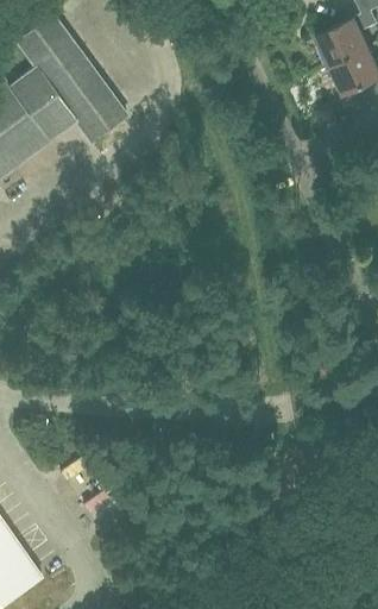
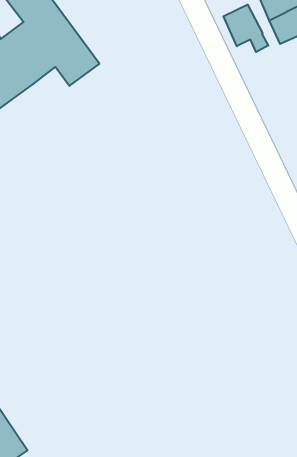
building: none -> [223,5,268,52]

